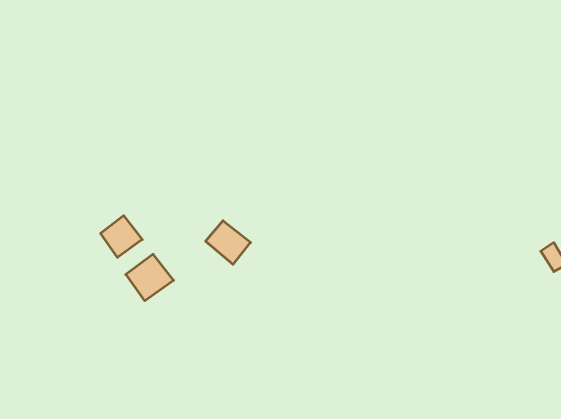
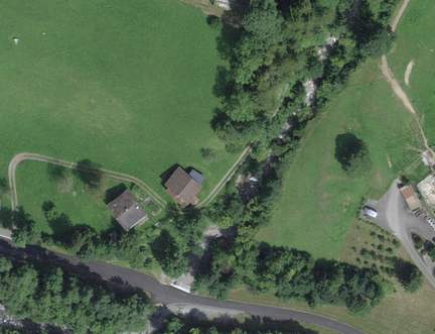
building: [101,216,142,257] -> none

